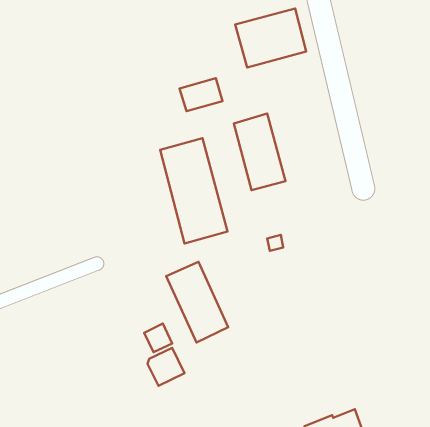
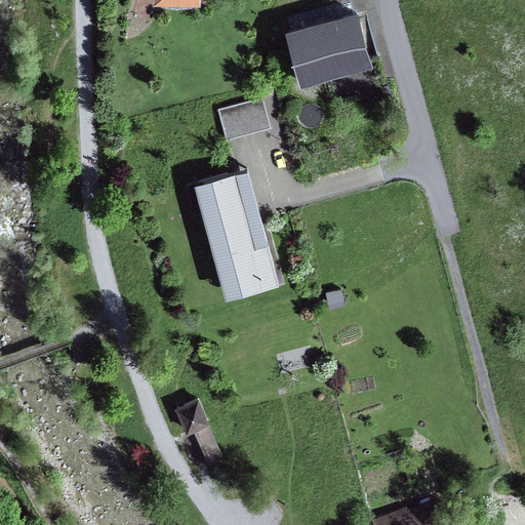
building: [234,114,286,190] -> none
building: [166,262,228,342] -> none

